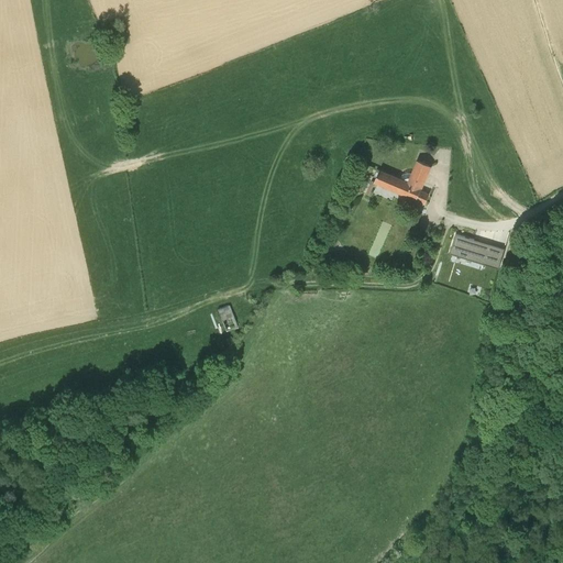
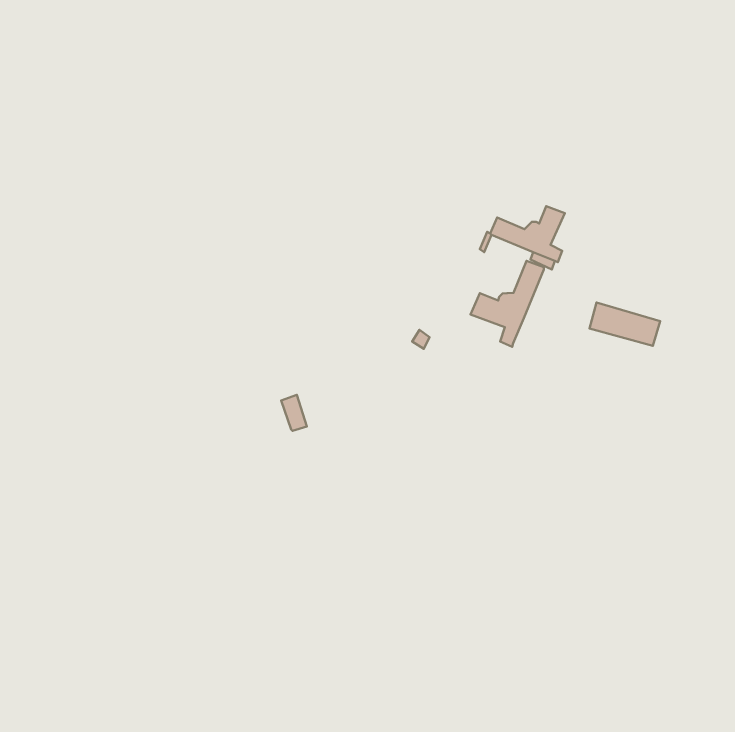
building: none -> [470,261,544,347]

